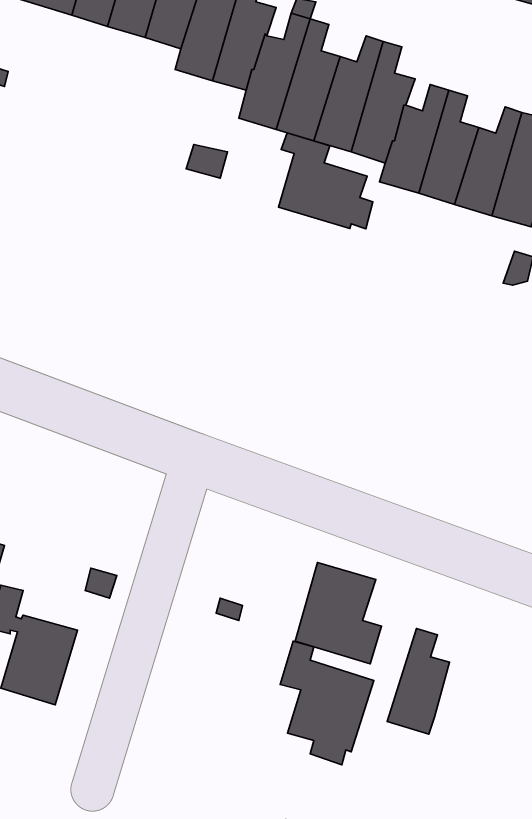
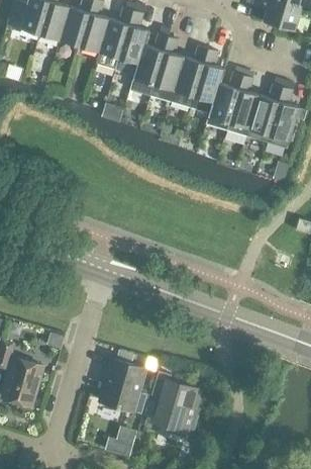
building: [279,133,373,229] -> none
building: [295,563,381,664] -> [101,360,147,414]
building: [387,629,449,734] -> none
building: none -> [105,427,137,457]

